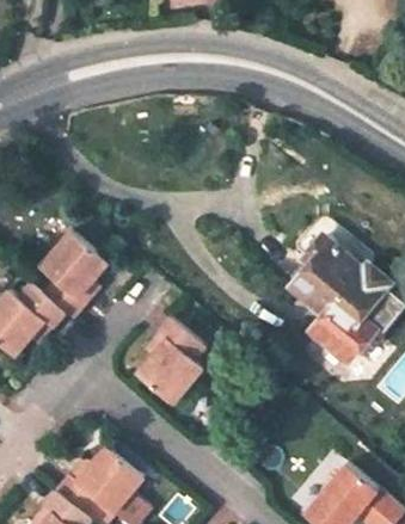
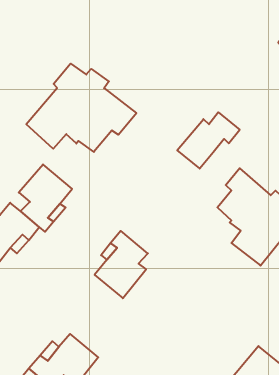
building: none -> [26,64,136,152]
building: none -> [177,112,240,169]

